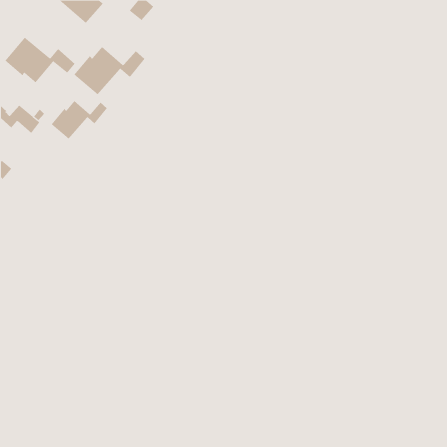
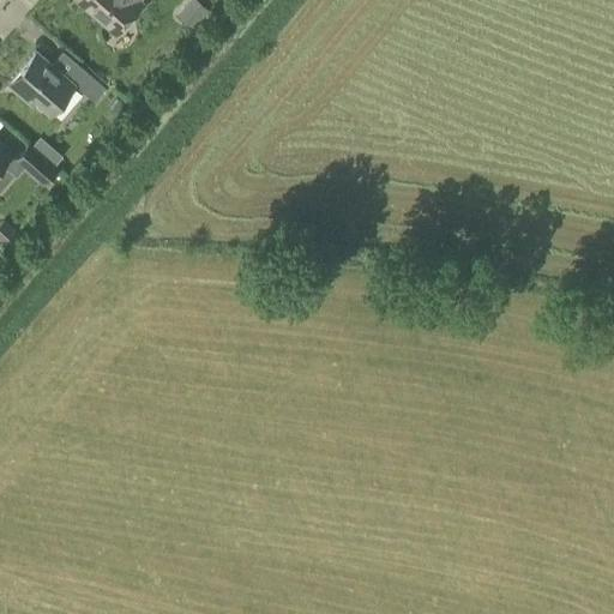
building: [74,46,145,95] -> none
building: [51,100,108,140] -> none

